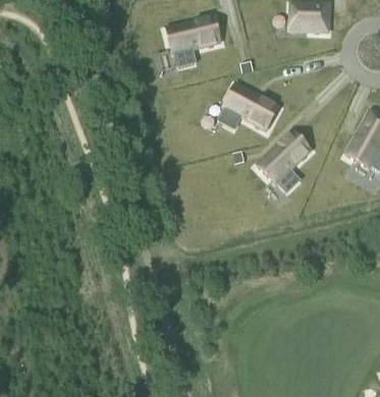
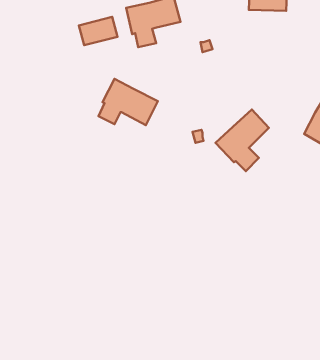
building: none -> [79,17,117,45]
building: [219,83,279,130] -> [98,79,158,125]

